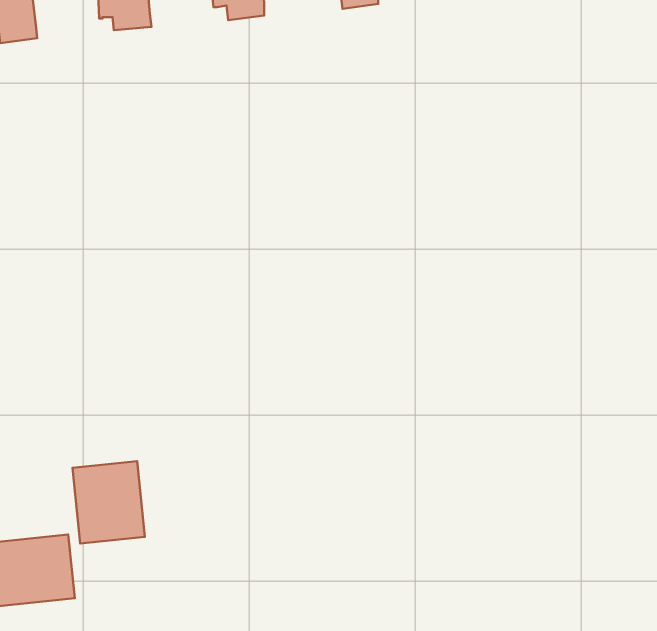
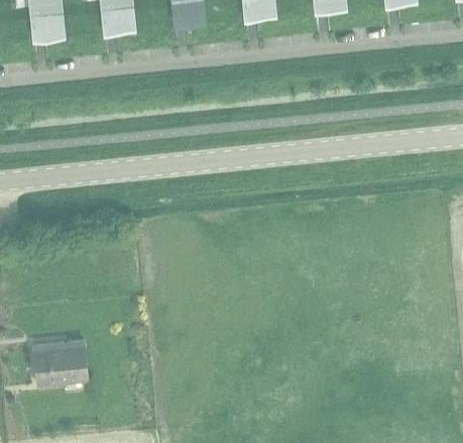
building: [72,461,145,543] -> none

